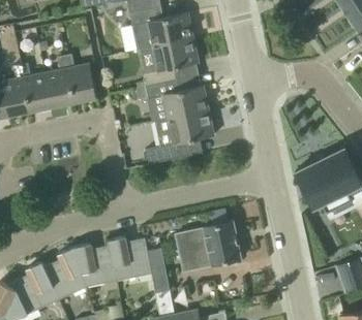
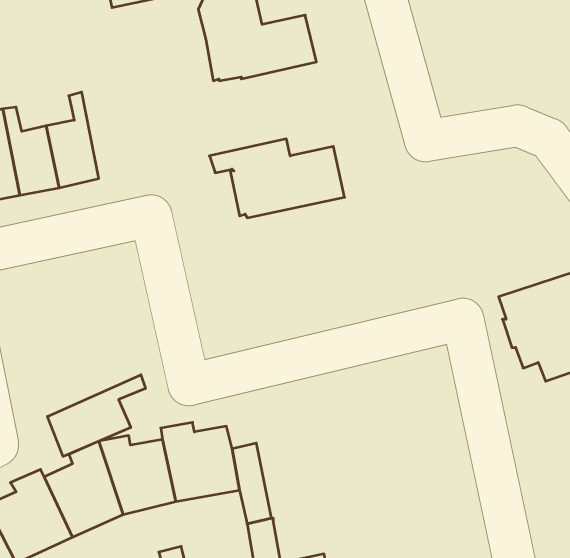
building: [134,38,199,90] -> none
building: [64,54,96,102] -> none
building: [146,113,214,164] -> none
building: none -> [47,375,145,456]
building: [187,221,240,268] -> none

